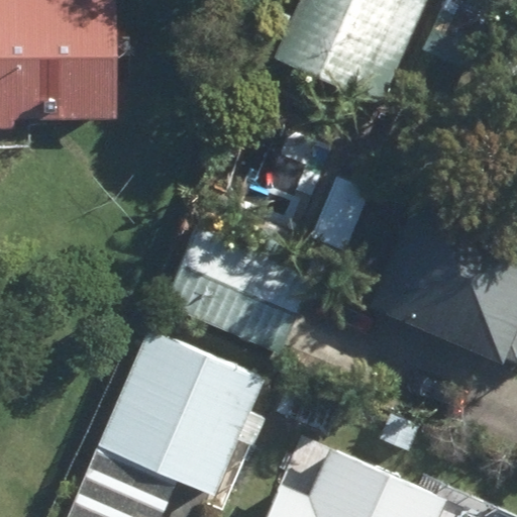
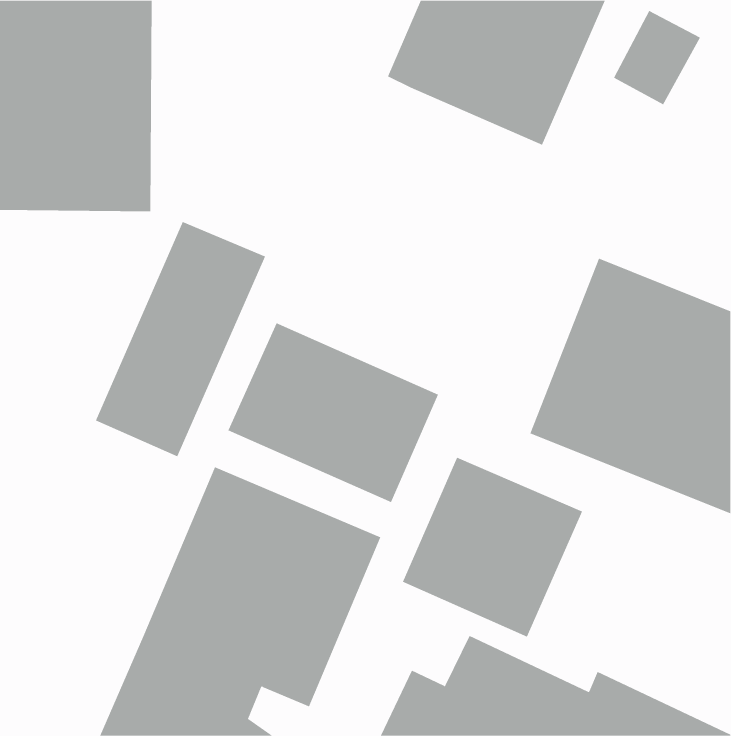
building: none -> [95,221,266,457]
building: none -> [402,457,583,637]

